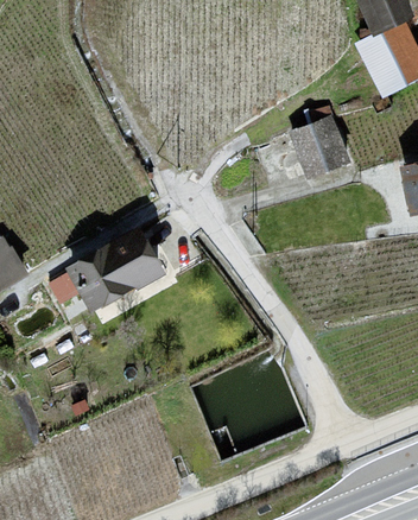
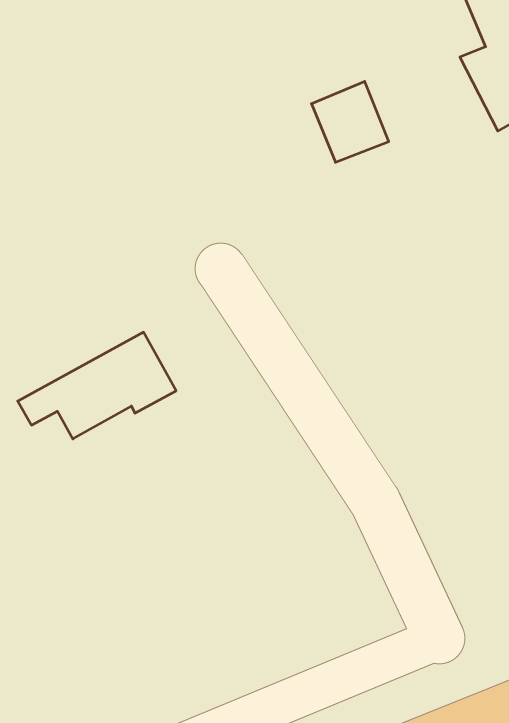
building: [294,120,348,176] -> [311,81,389,162]

